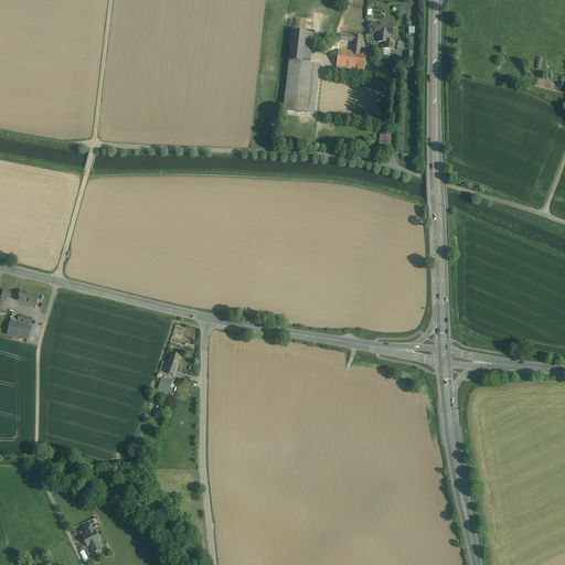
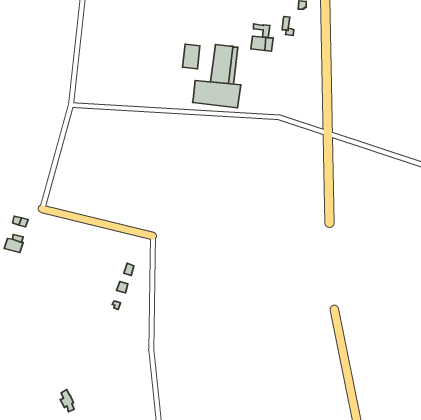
building: [288,29,311,62] -> [183,44,200,69]
building: none -> [192,81,241,108]

